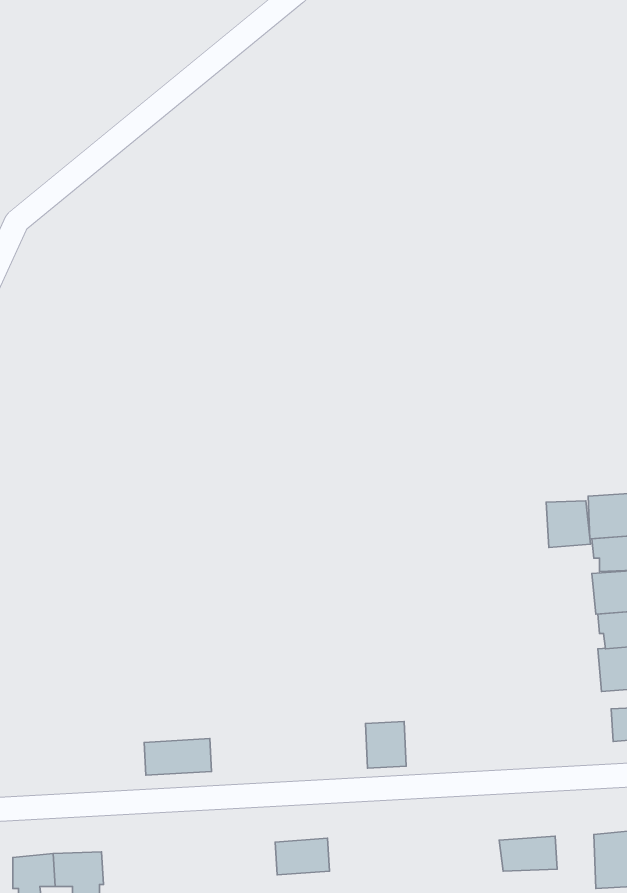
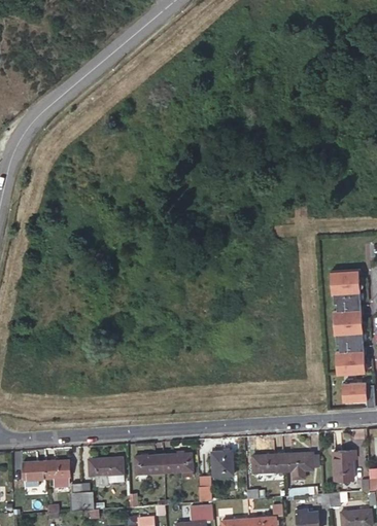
building: [546,501,591,547] -> none
building: [366,722,406,768] -> [211,451,233,476]
building: [144,738,212,775] -> [88,457,124,477]
building: none -> [251,454,284,472]
building: none -> [134,455,164,474]

